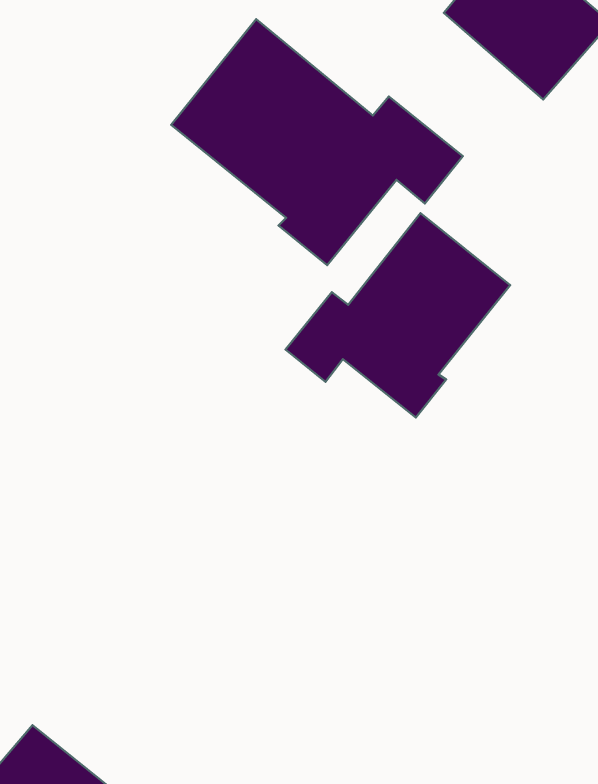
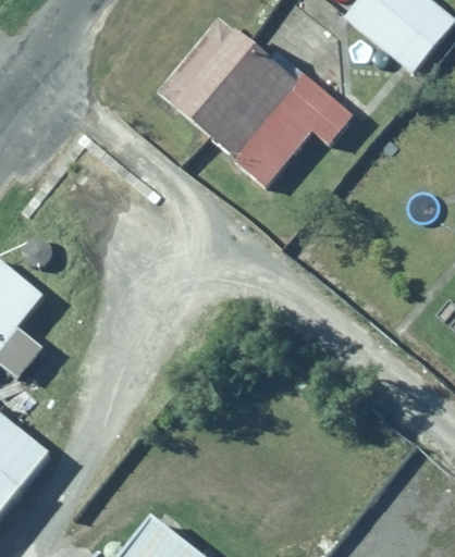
building: [286,213,510,417] -> none

